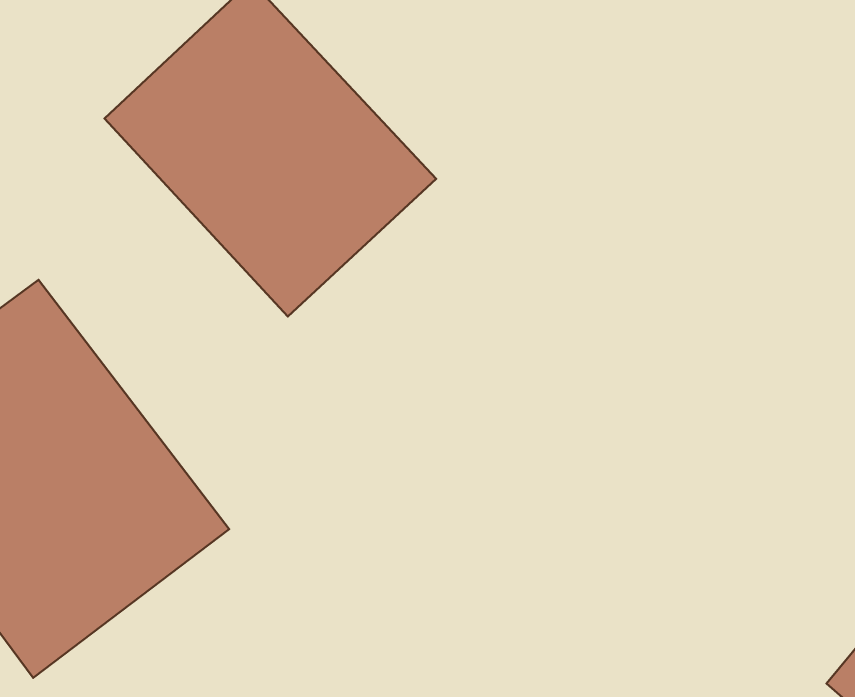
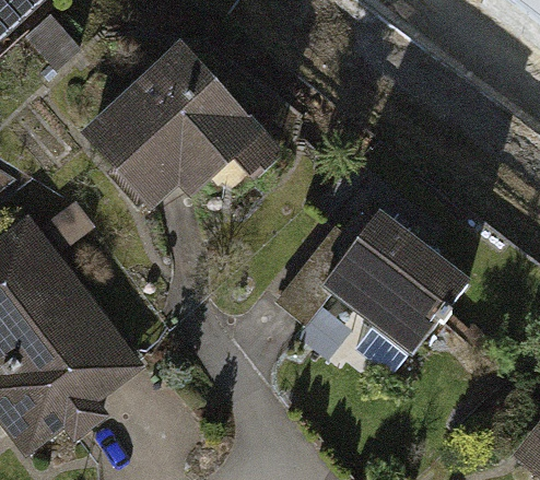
building: none -> [296,198,473,365]

